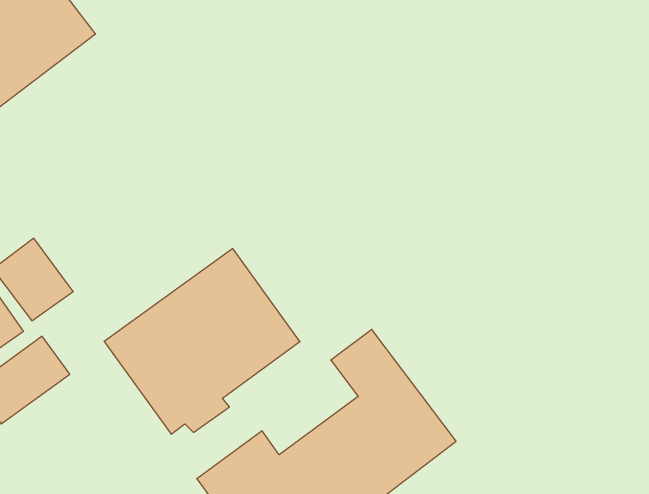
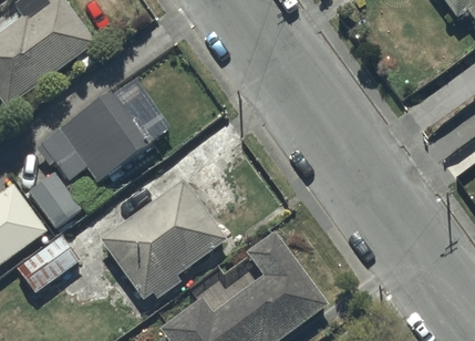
building: none -> [42,90,156,180]

